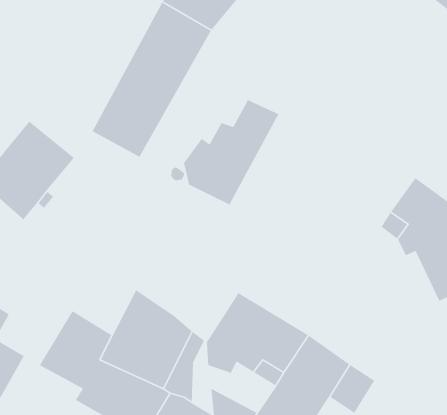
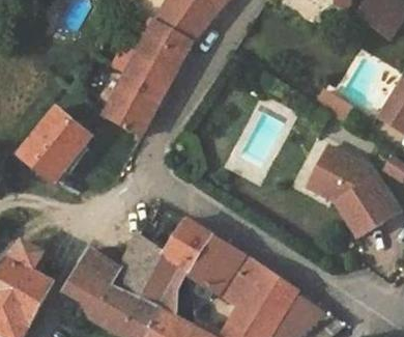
building: [183,99,279,206] -> none
building: none -> [165,219,212,273]

